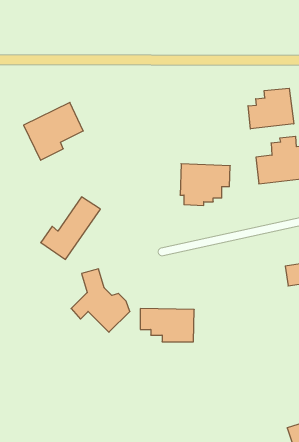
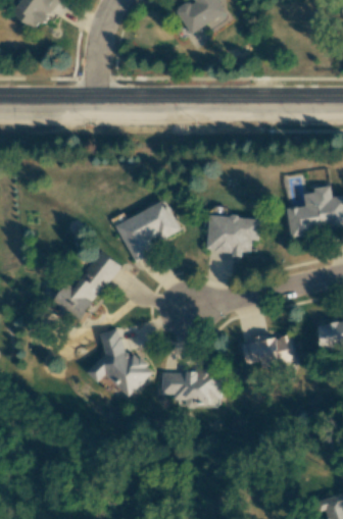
building: [248,88,294,129] -> none
building: [24,102,83,160] -> [115,200,180,262]
building: none -> [242,334,296,369]

